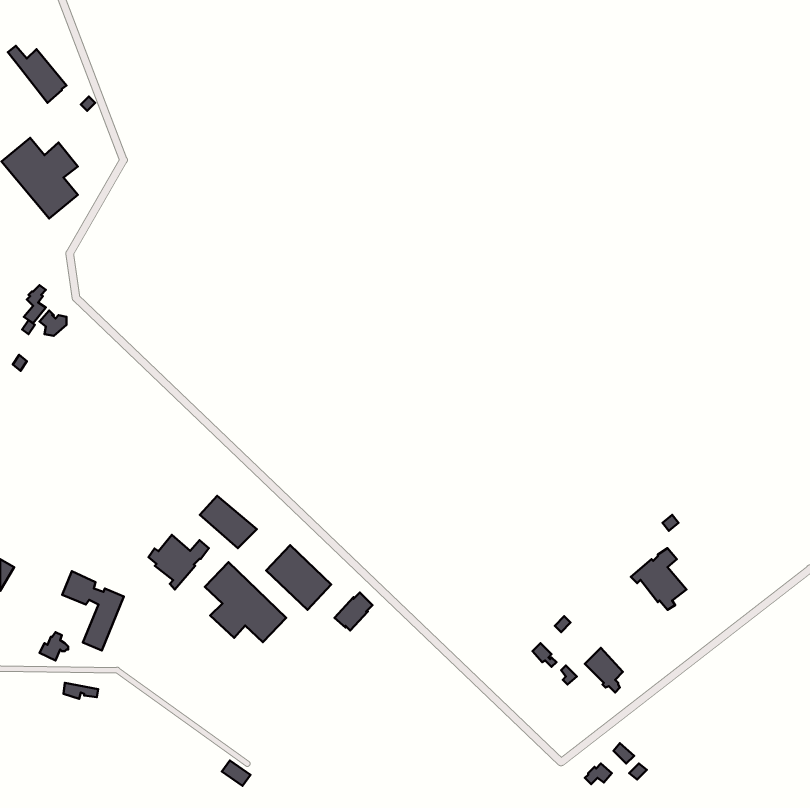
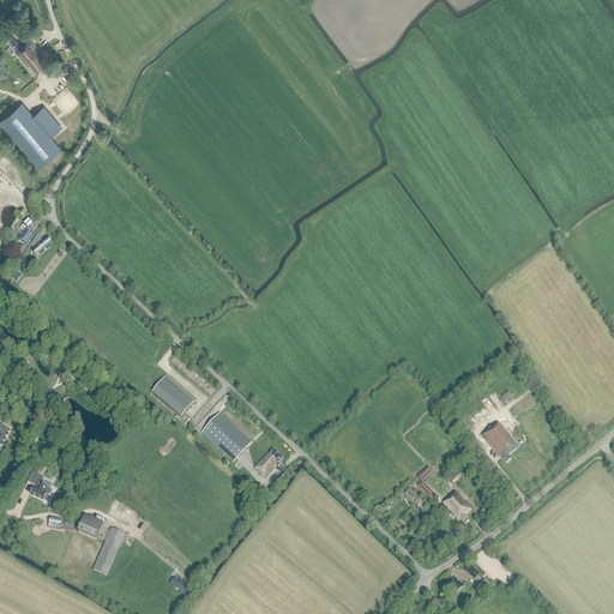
building: [149,535,209,589] -> none
building: [205,562,286,642] -> none
building: [62,571,124,650] -> [78,514,125,574]

